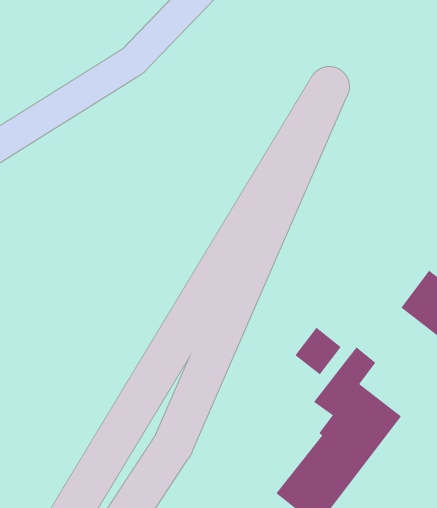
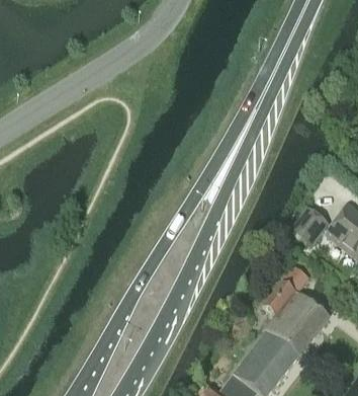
building: [295,327,342,375] -> [292,208,328,244]

